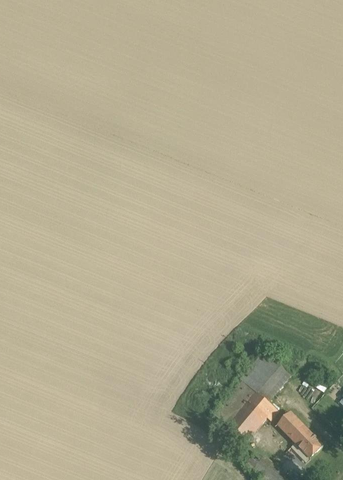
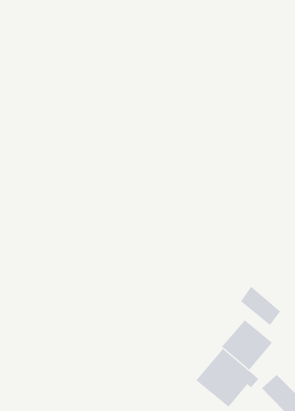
building: none -> [240,286,281,326]

